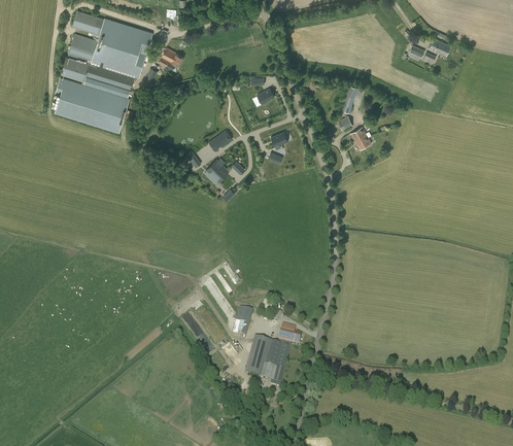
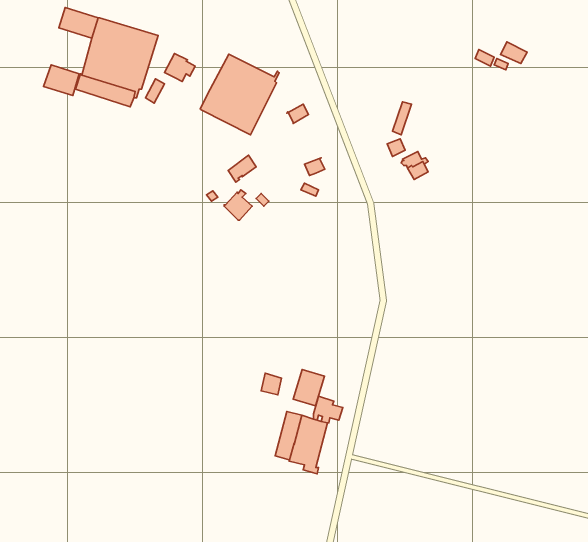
building: [67,32,97,61] -> none
building: none -> [200,54,279,135]
building: [54,76,129,132] -> none
building: none -> [293,369,325,406]

